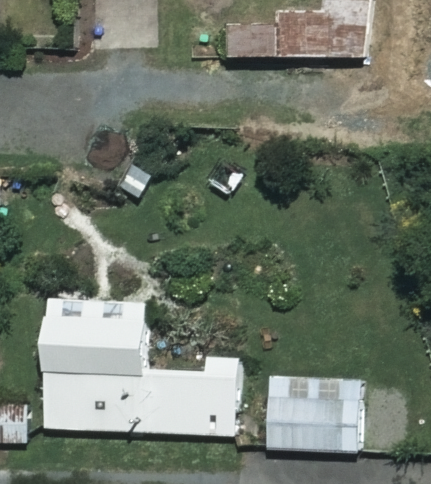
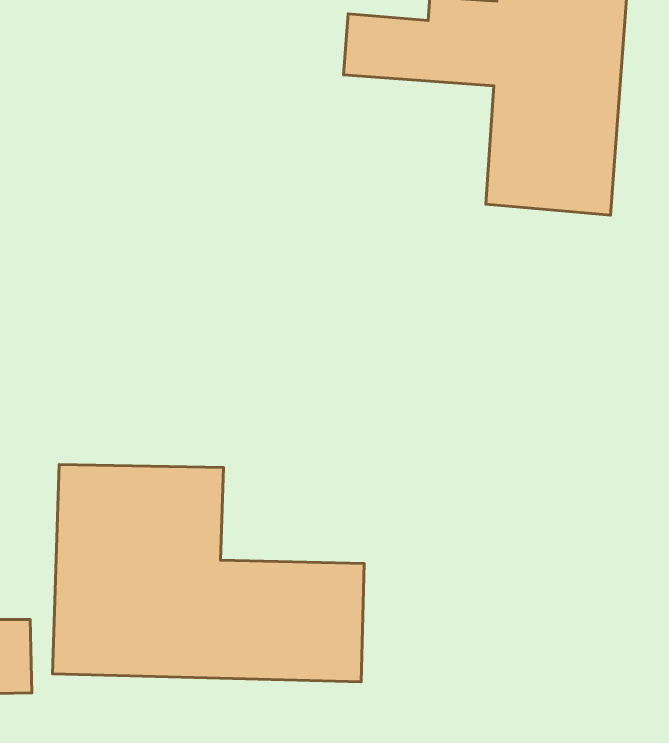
building: [263,374,362,453] -> none

